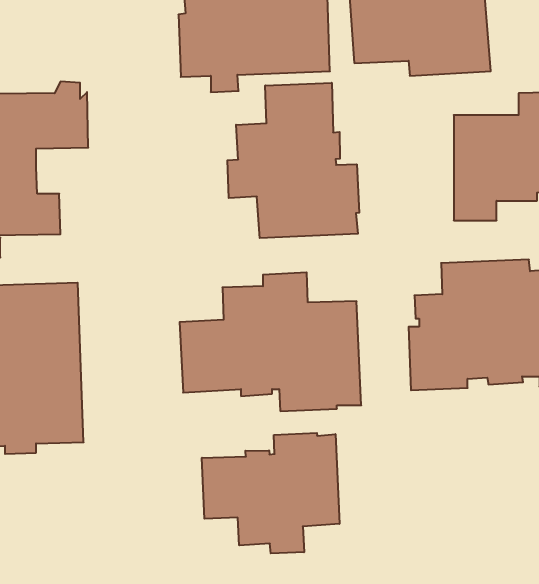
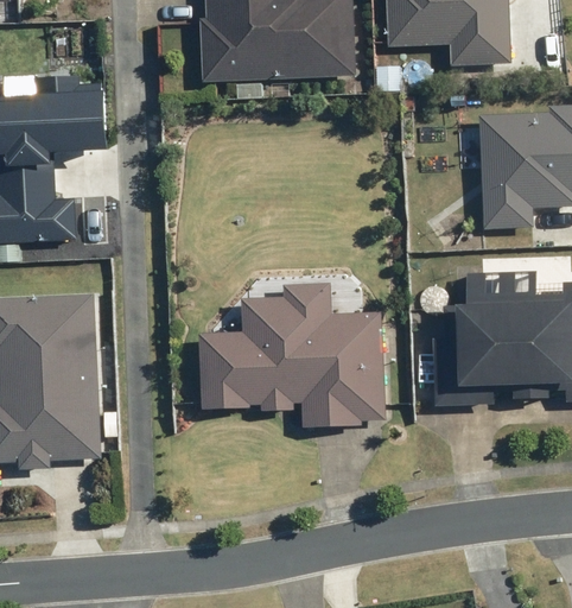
building: [227,83,359,238] -> none
building: [202,433,339,553] -> none

